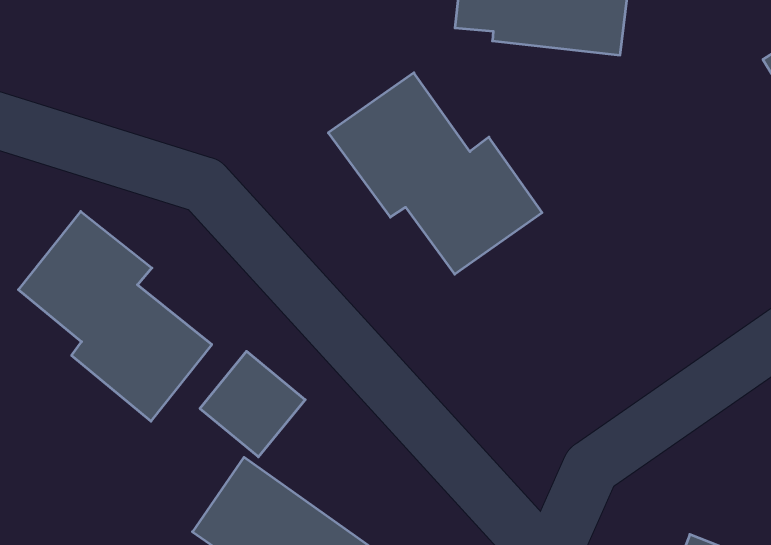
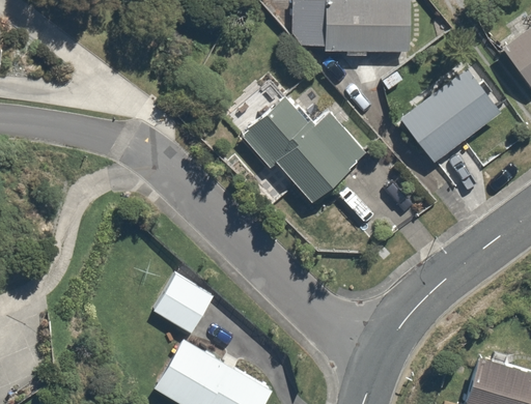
building: none -> [398,62,503,164]
building: [18,211,212,421] -> none

